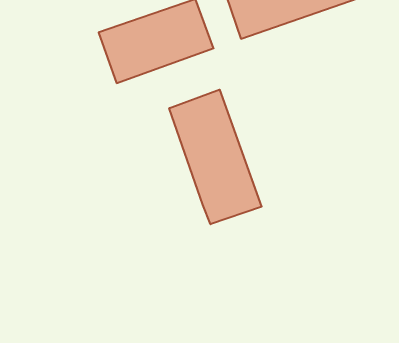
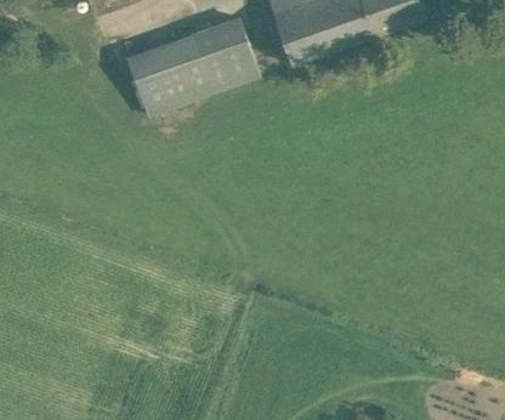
building: [169,90,262,224] -> none

